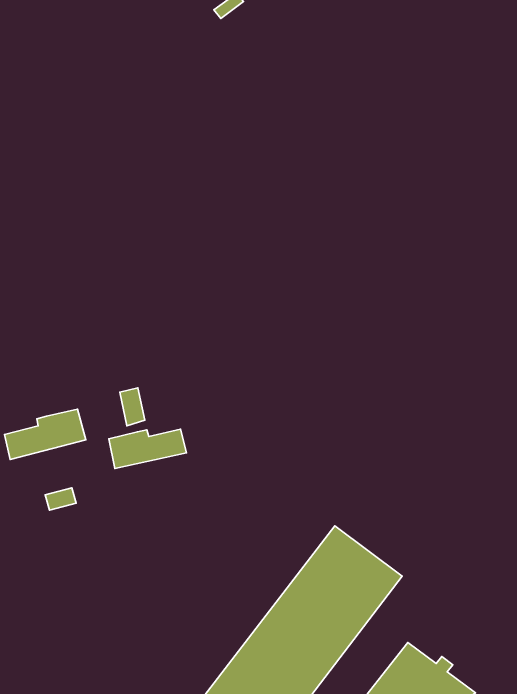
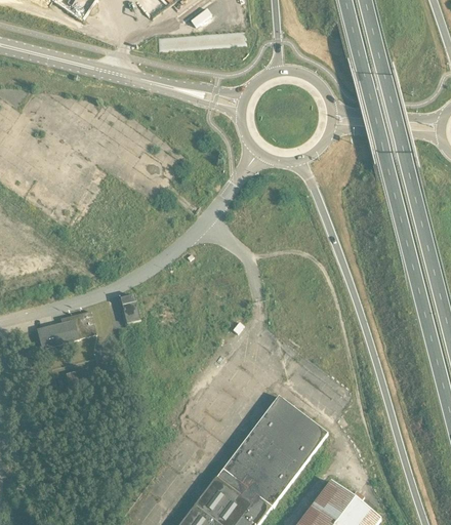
building: [109,429,186,468] -> none

